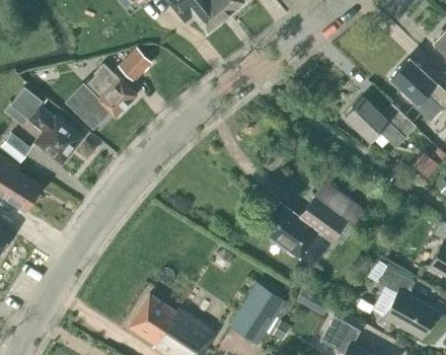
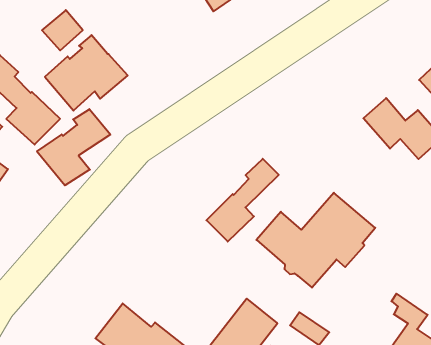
building: [118,47,153,82] -> [42,10,83,50]
building: none -> [37,109,110,185]
building: none -> [206,159,279,242]

